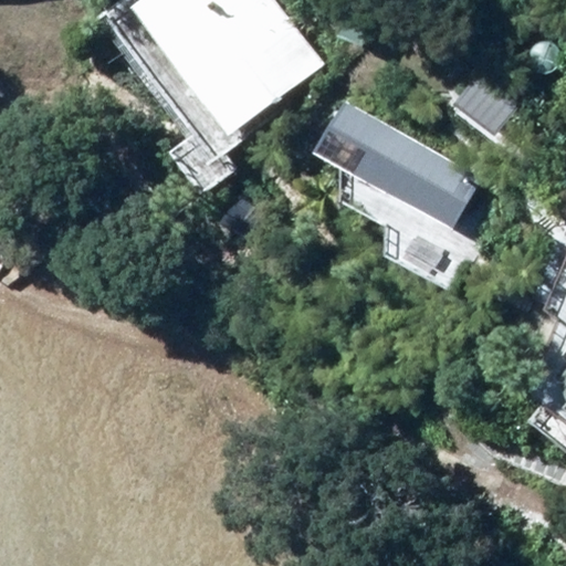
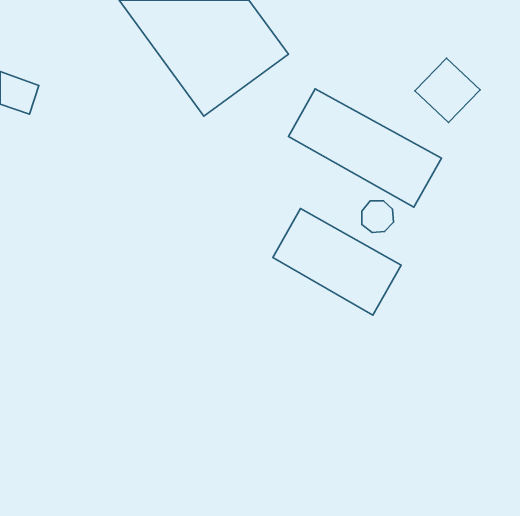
building: none -> [273,209,401,315]

